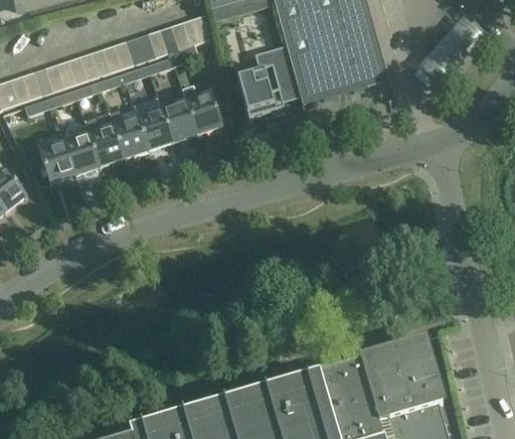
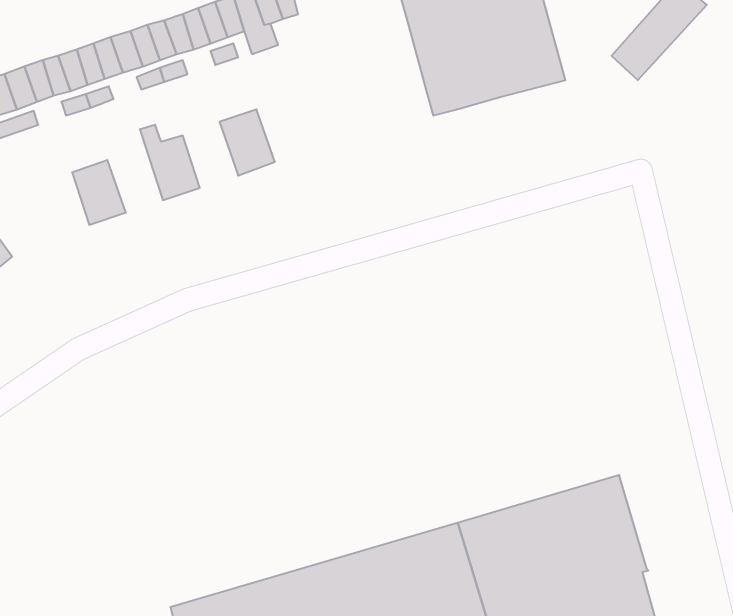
building: [237,45,298,119] -> none
building: [182,85,222,134] -> none
building: [138,108,174,151] -> none
building: [84,113,125,167] -> none
building: [39,141,76,184] -> none

